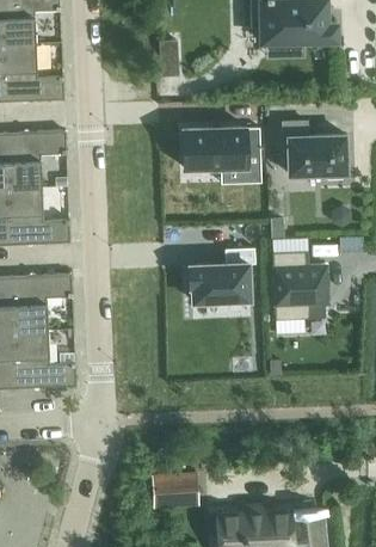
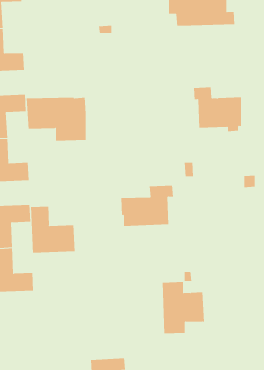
building: [181,128,260,185] -> [26,97,87,141]
building: [272,252,328,320] -> [162,282,205,334]
building: none -> [31,206,75,253]

